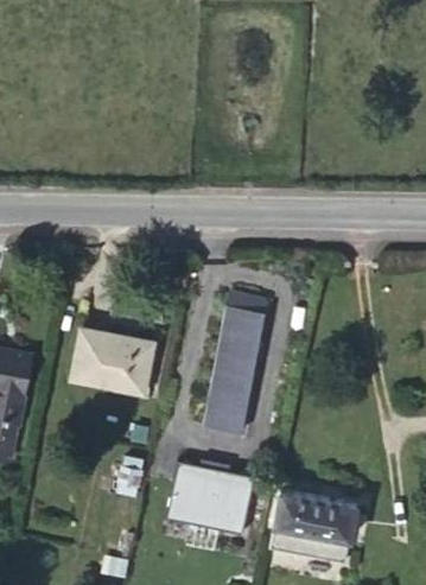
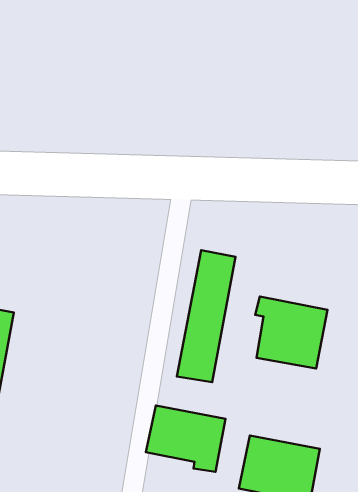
building: [71,331,151,394] -> none
building: none -> [255,297,328,368]

